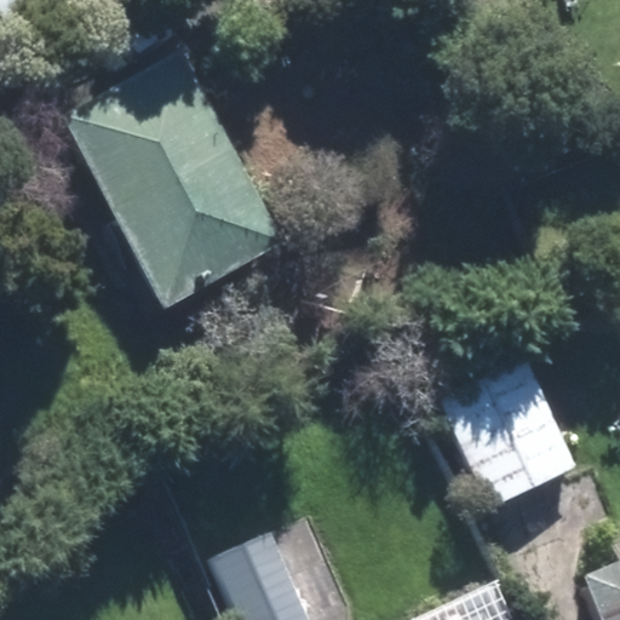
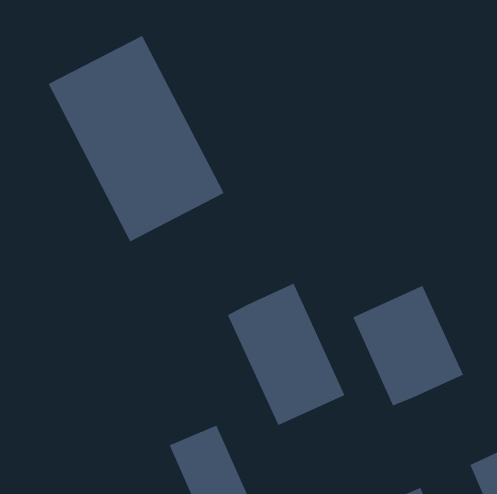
building: none -> [227,283,345,426]

